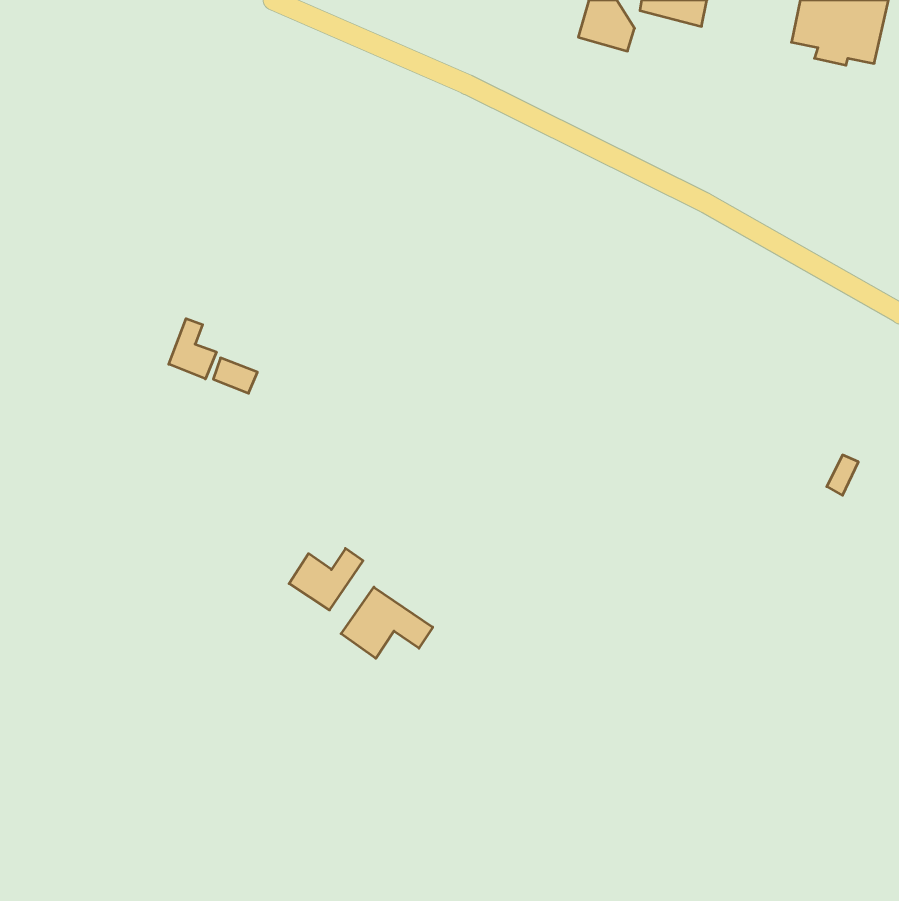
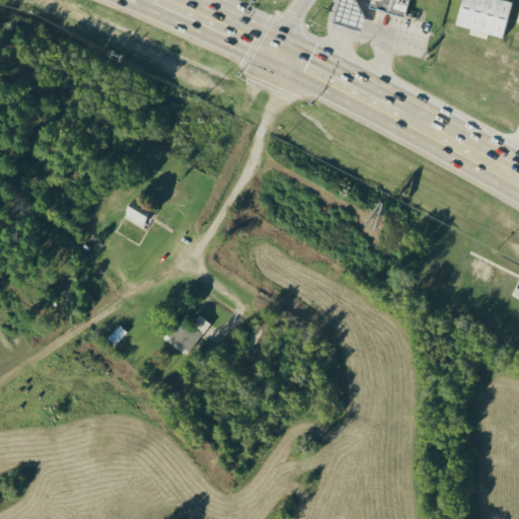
building: [169,319,216,379] -> none
building: [341,587,433,658] -> none

